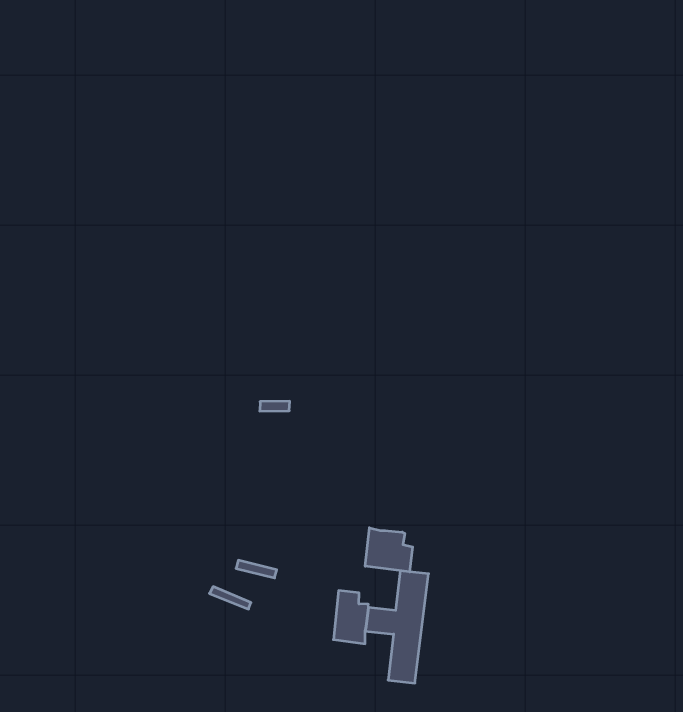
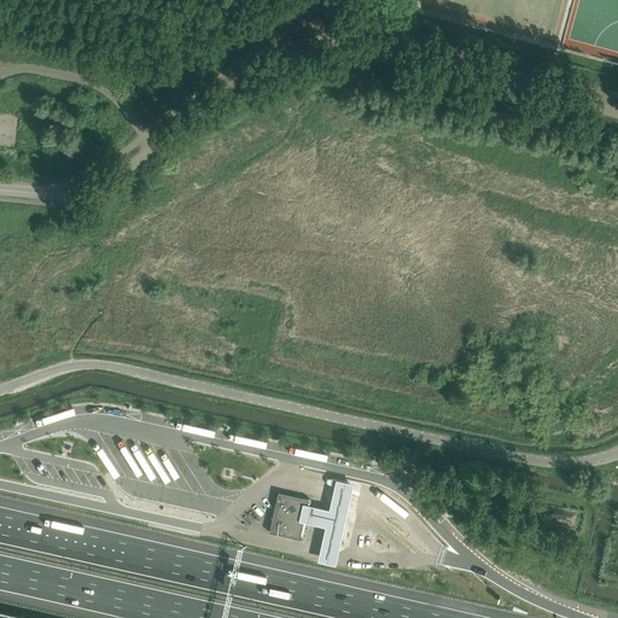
building: [365,528,413,572] -> none

